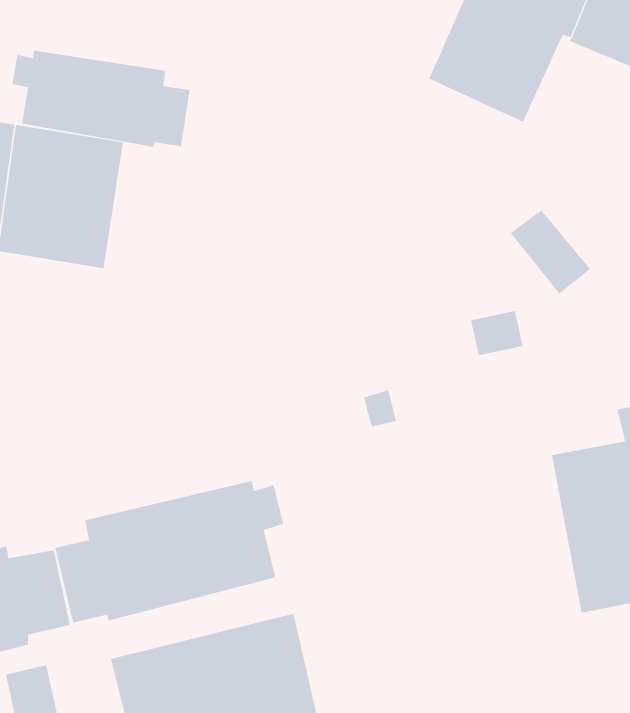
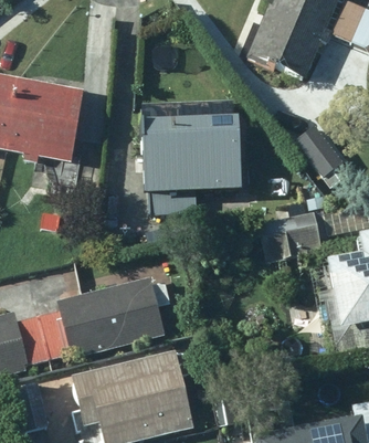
building: [12,50,190,148] -> none
building: none -> [141,120,238,212]
building: none -> [259,213,320,260]

